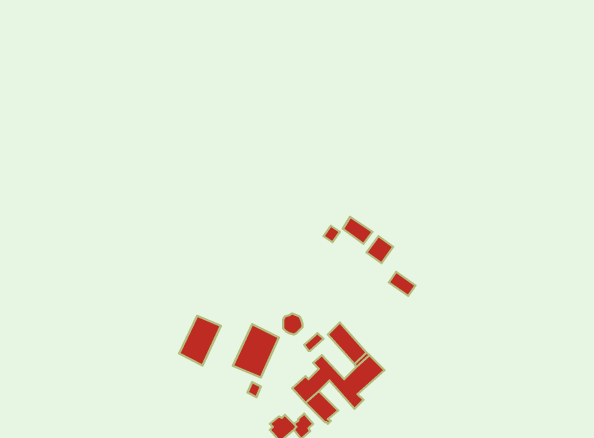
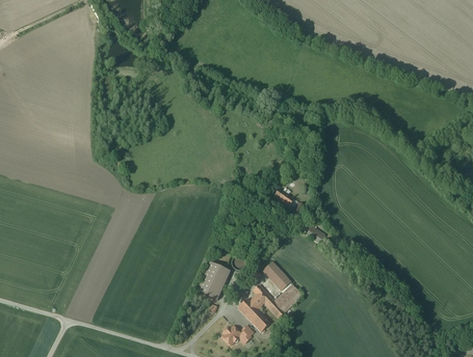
building: [179,316,221,365] -> none

